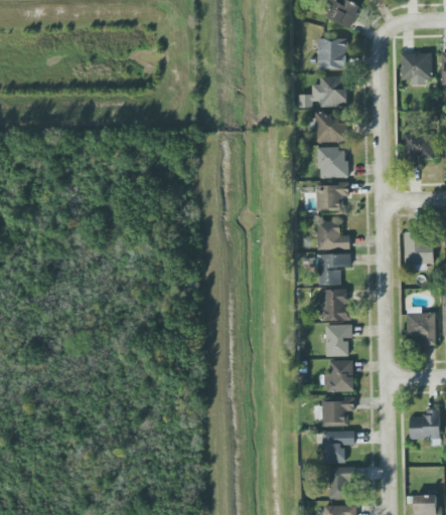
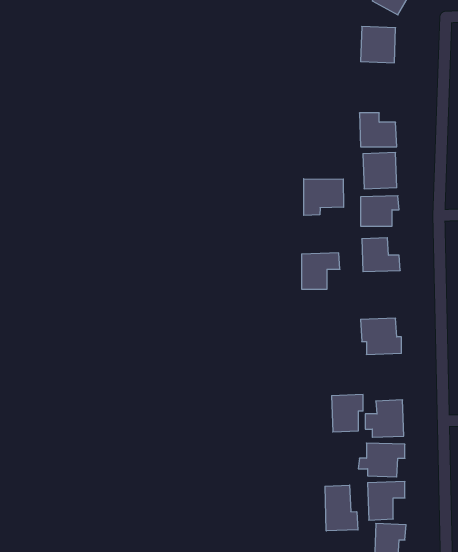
building: [299,75,347,108] -> none
building: none -> [304,179,344,215]
building: [318,253,351,285] -> [302,253,340,289]
building: [325,325,352,357] -> [332,395,363,432]
building: none -> [325,485,358,531]

